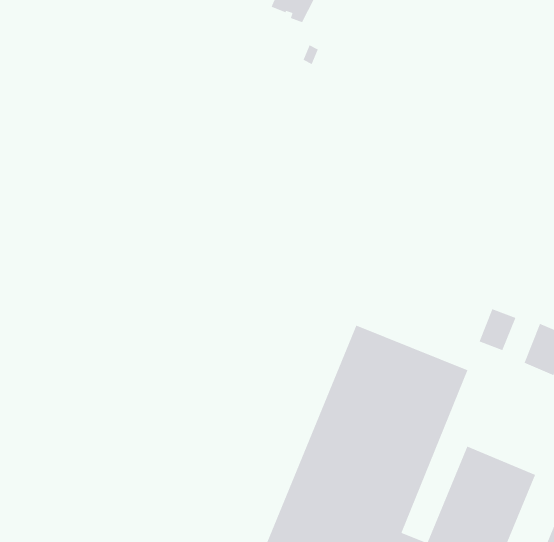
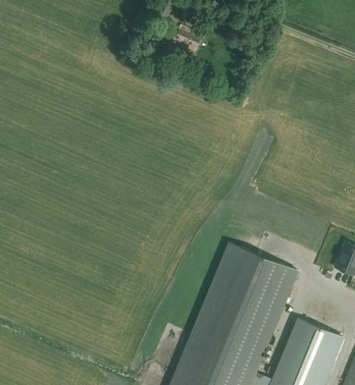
building: [478,308,516,351] -> none

